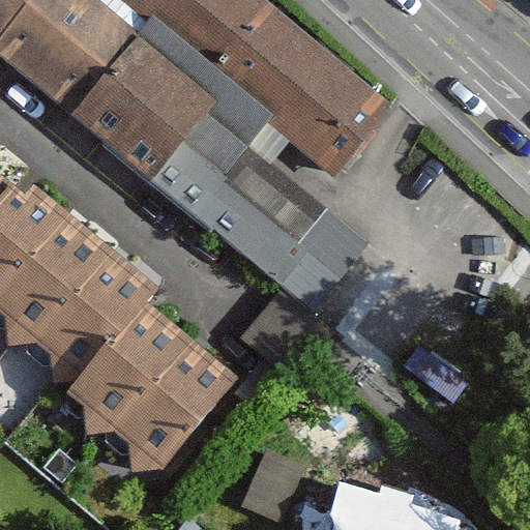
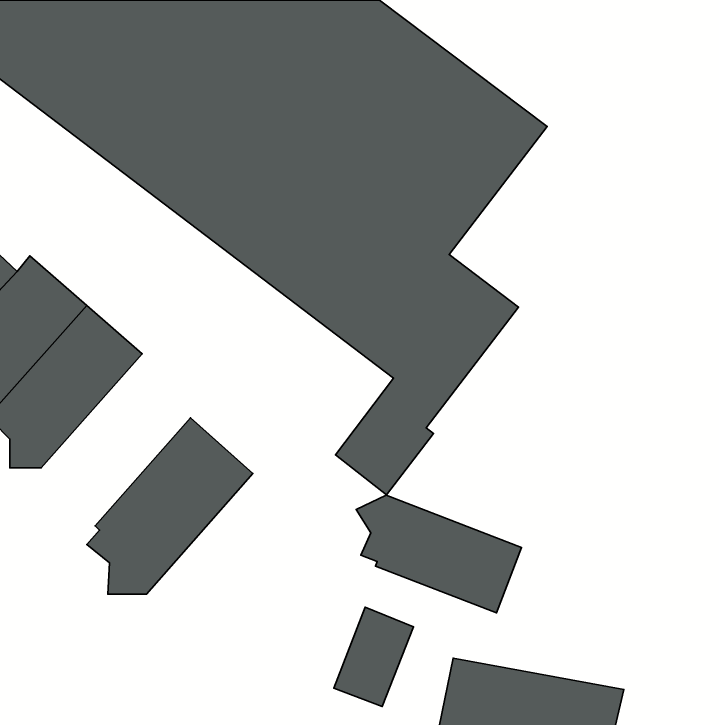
building: [30,259,147,384] -> none
building: [107,346,231,475] -> none
building: none -> [356,495,522,613]

